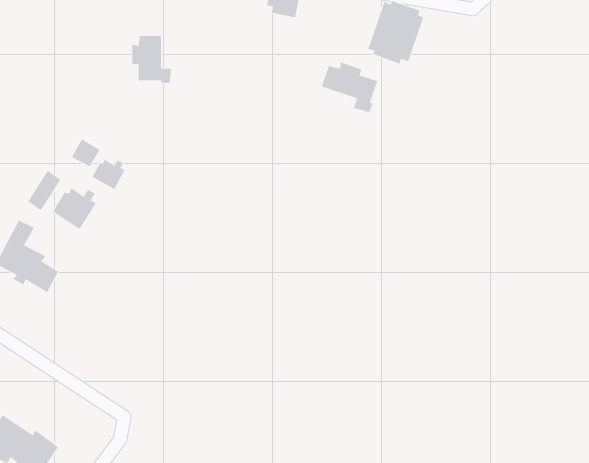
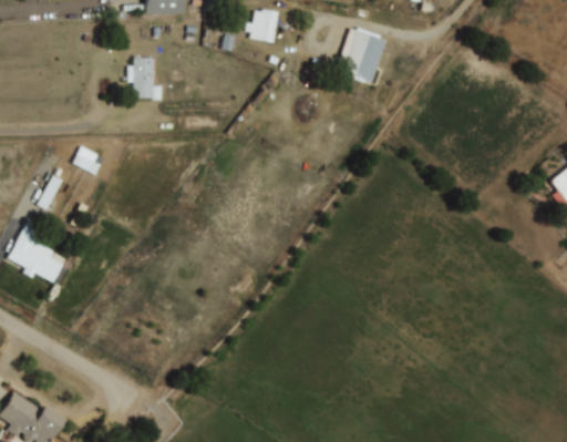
building: [321,62,378,113] -> none
building: [92,159,125,190] -> none
building: [52,188,96,230] -> none

